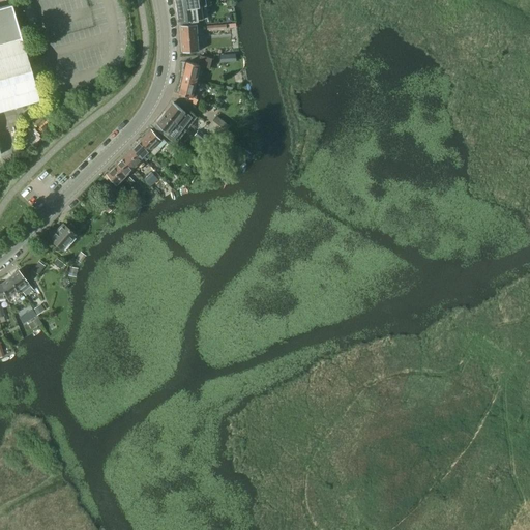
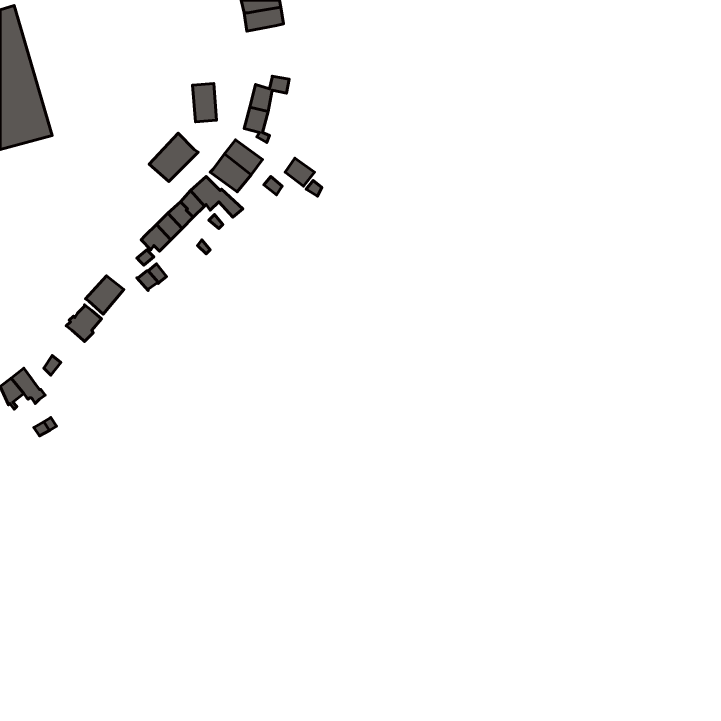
building: [181,24,199,52] -> [193,84,217,122]
building: none -> [149,133,198,182]
building: none -> [86,276,124,314]

